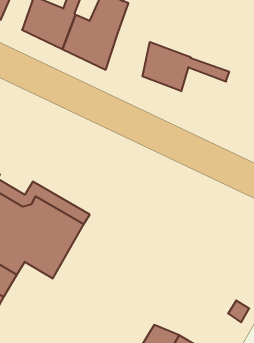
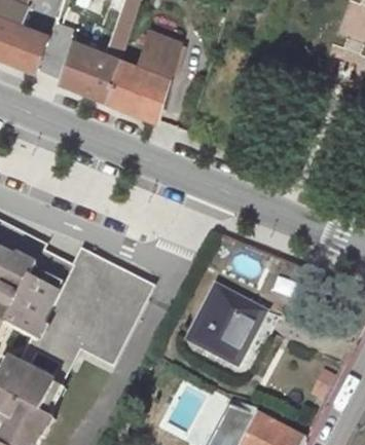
building: [142,42,229,91] -> none
building: none -> [189,289,263,366]

